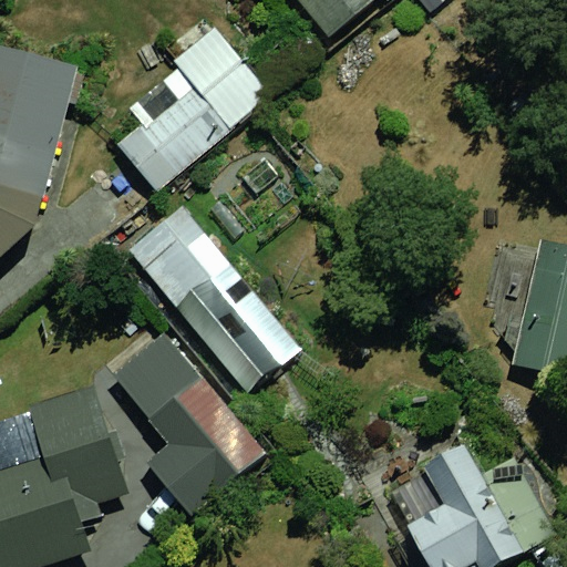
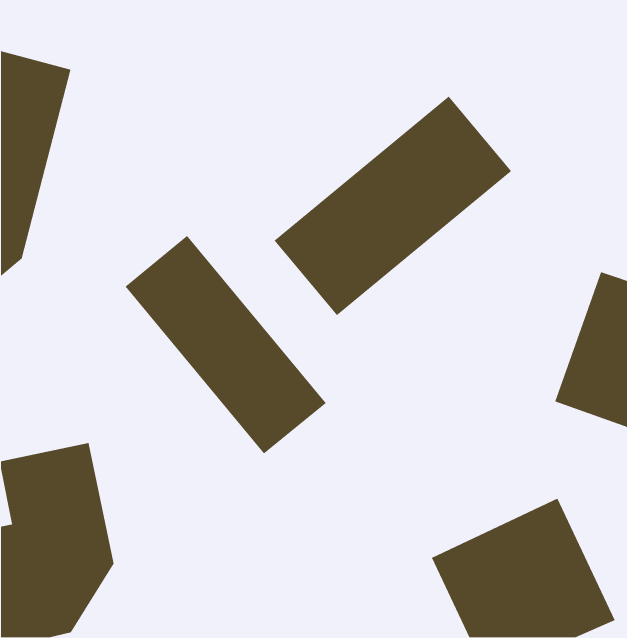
building: [109,22,272,192] -> none
building: none -> [274,95,512,316]
building: [99,328,262,498] -> none

